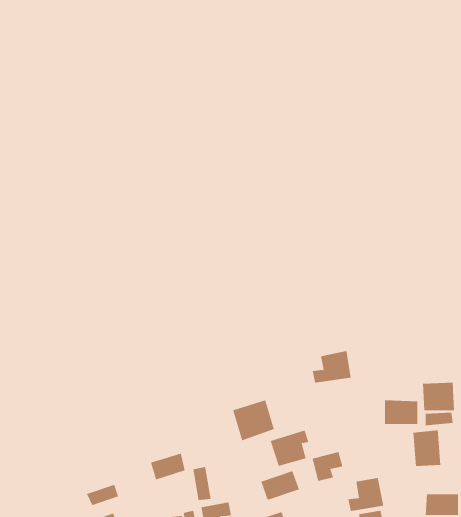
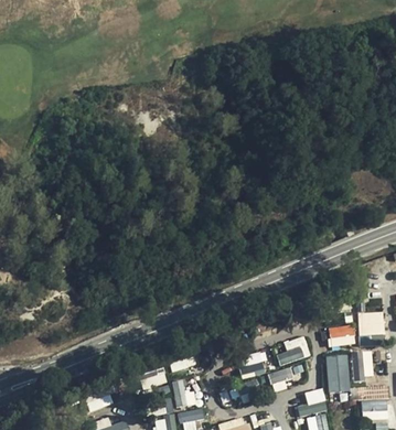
building: [312,351,351,383] -> [277,336,309,363]
building: [232,400,275,441] -> none
building: none -> [325,354,351,393]

